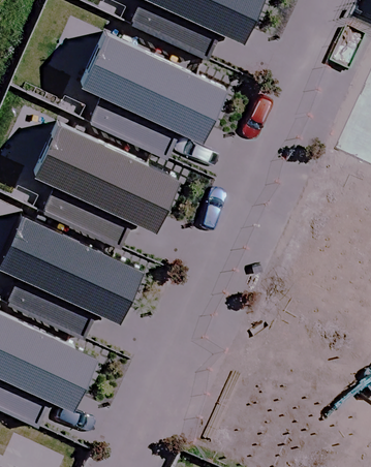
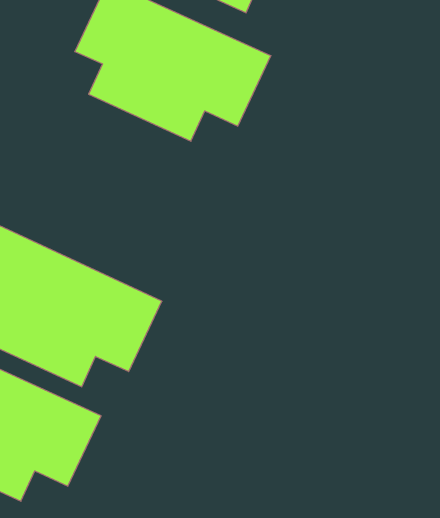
building: [33,124,179,245] -> none

